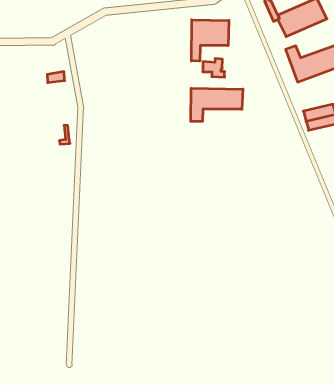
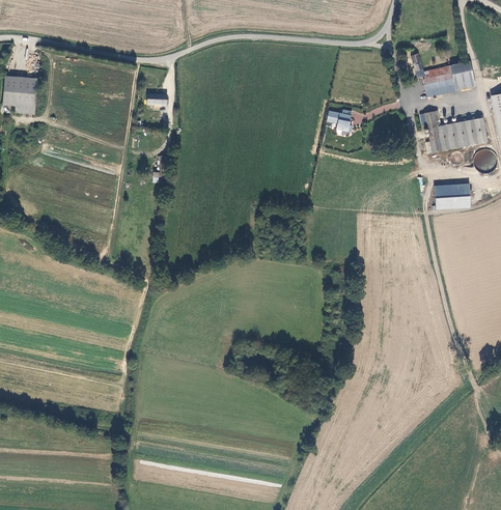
building: [191,20,229,61] -> none
building: [191,88,243,121] -> none

